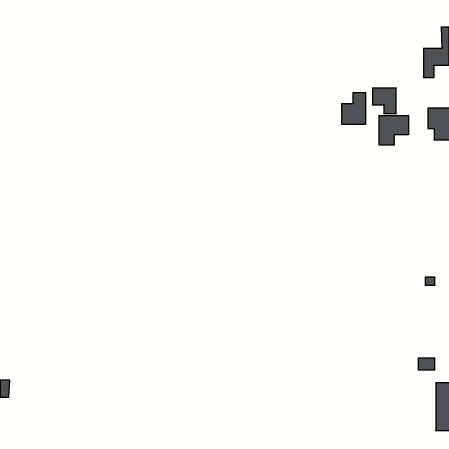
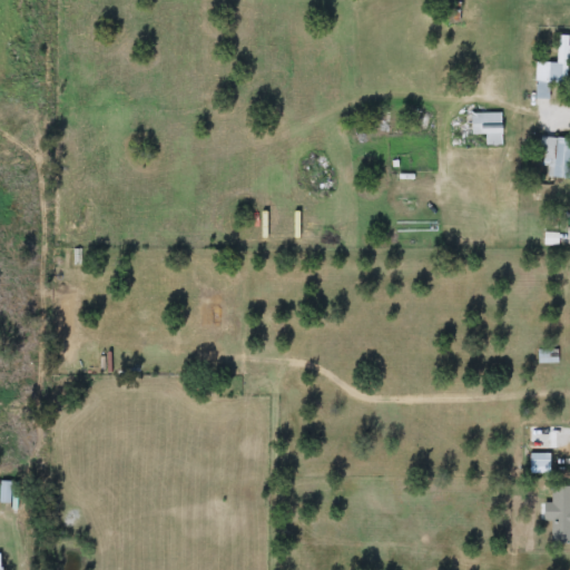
building: [342,92,365,124] -> none
building: [379,115,408,145] -> none

